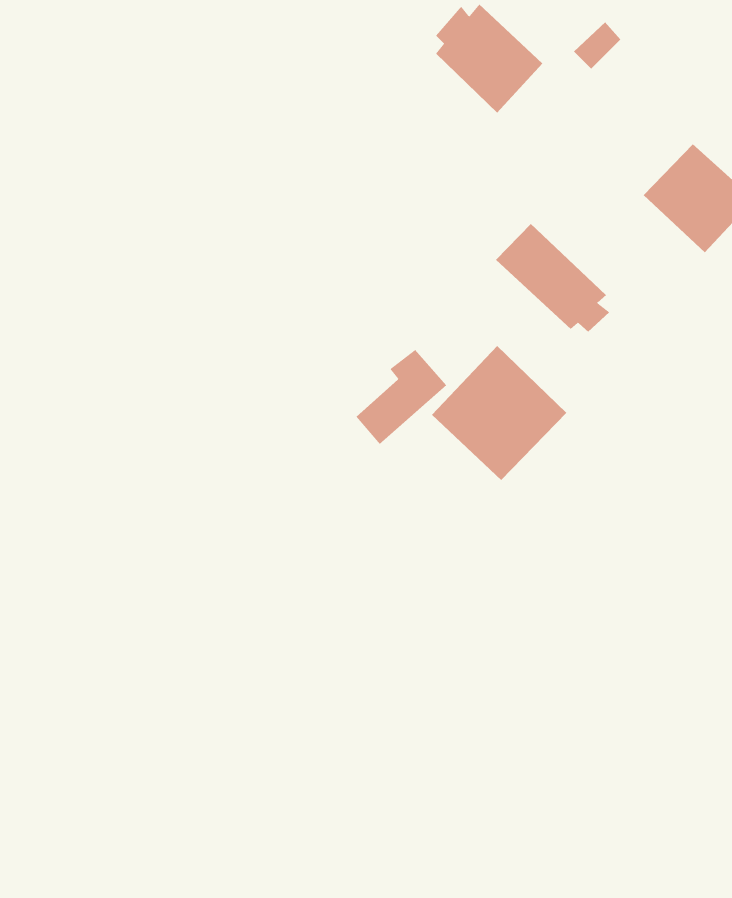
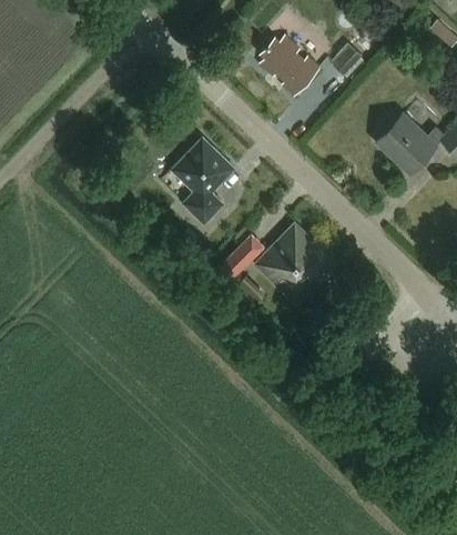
building: none -> [171,139,234,224]
building: [495,223,610,333] -> none

